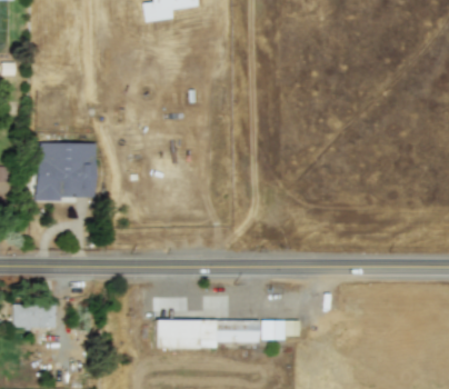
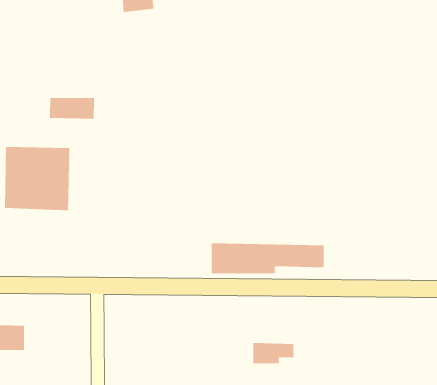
building: none -> [49,97,95,119]
building: [156,319,259,348] -> [211,242,325,274]

